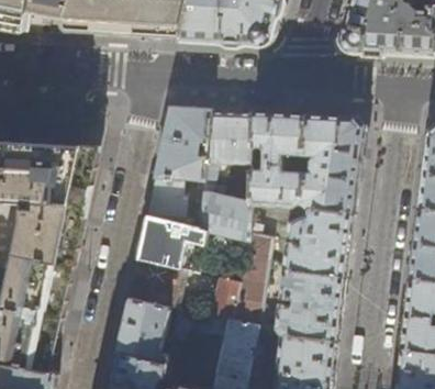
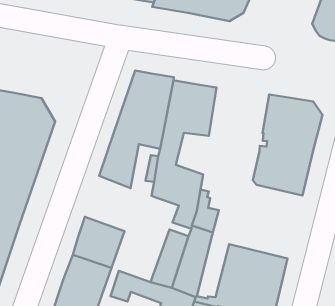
building: [249,111,306,207] -> none
building: [283,207,352,277] -> none
building: [135,215,204,268] -> none

